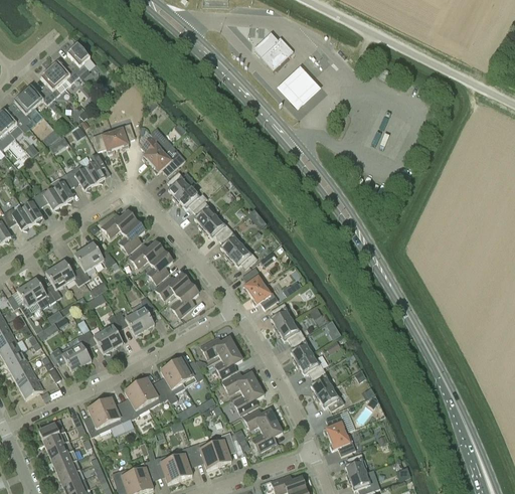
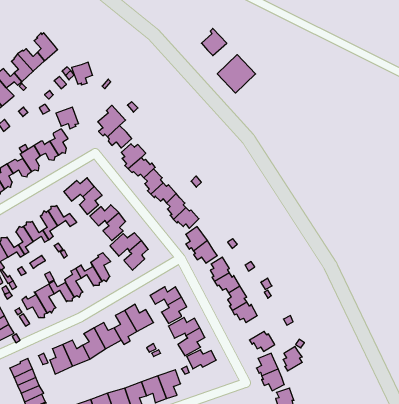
building: [111,123,135,149] -> [72,62,93,85]
building: [310,369,332,397] -> [283,347,302,371]
building: [253,421,283,451] -> none

